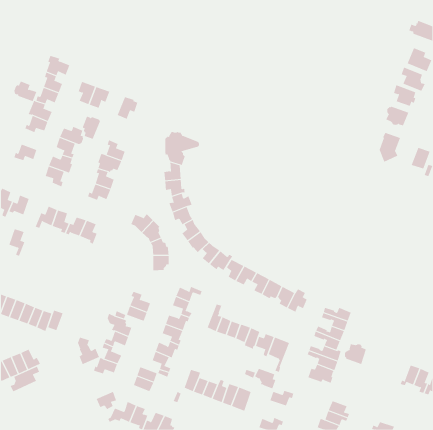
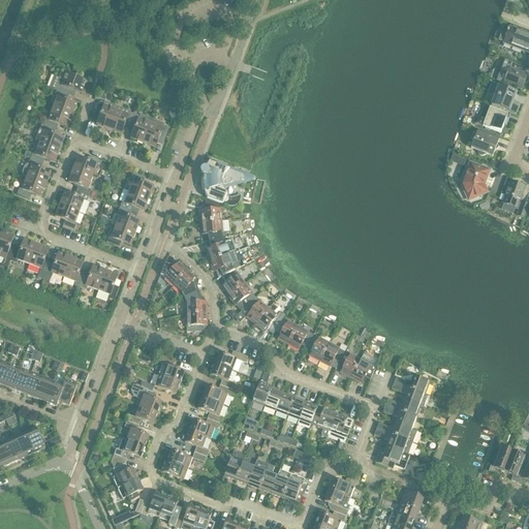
building: [14,81,37,102] -> [22,157,51,183]
building: [82,116,101,140] -> [129,112,152,141]
building: [8,229,25,257] -> [29,243,50,277]
building: [77,337,100,365] -> [111,453,138,487]
building: [344,343,367,365] -> none
building: [10,366,40,392] -> none
building: [254,368,276,389] -> [323,489,350,515]

